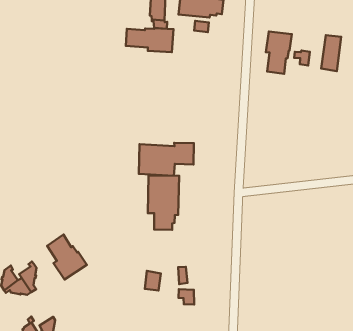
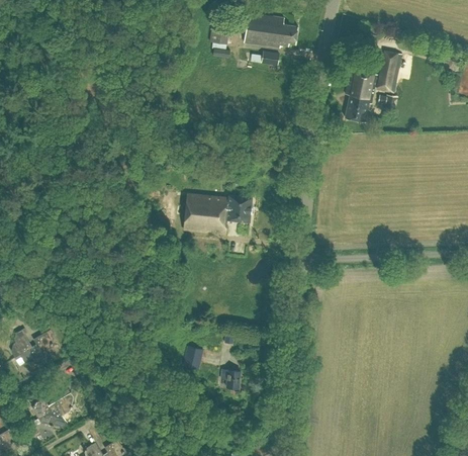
building: [126,28,174,52] -> none
building: [321,35,341,71] -> [375,51,401,94]
building: [148,175,179,230] -> none
building: [47,235,87,279] -> none

